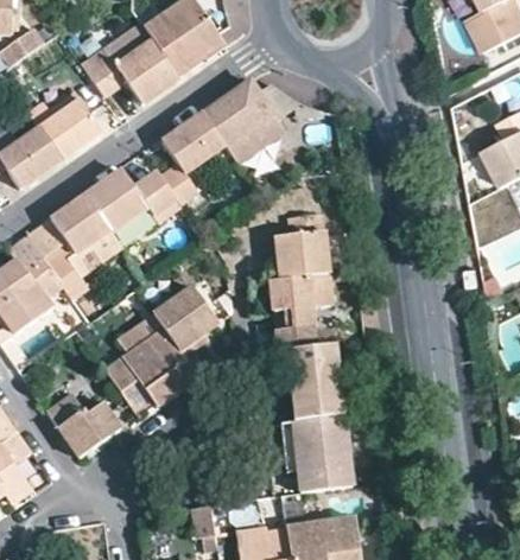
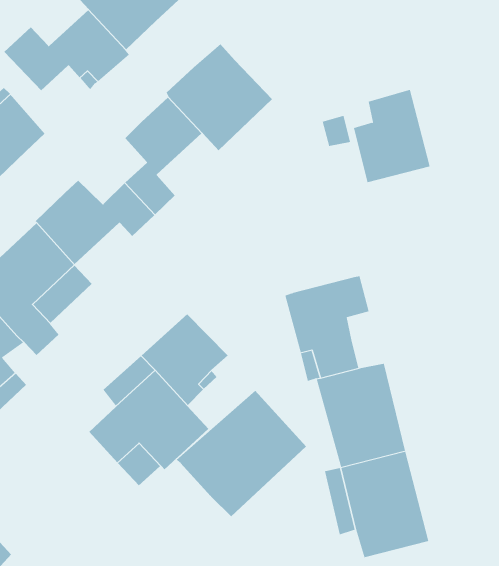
building: [271,212,326,280] -> [353,89,431,183]
building: none -> [176,390,307,517]
building: [44,390,120,456] -> none

